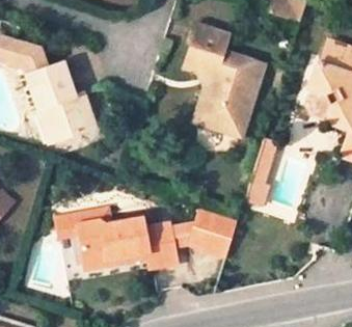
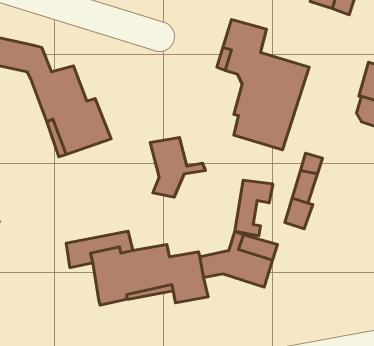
building: none -> [150,138,205,197]
building: none -> [235,180,273,236]

